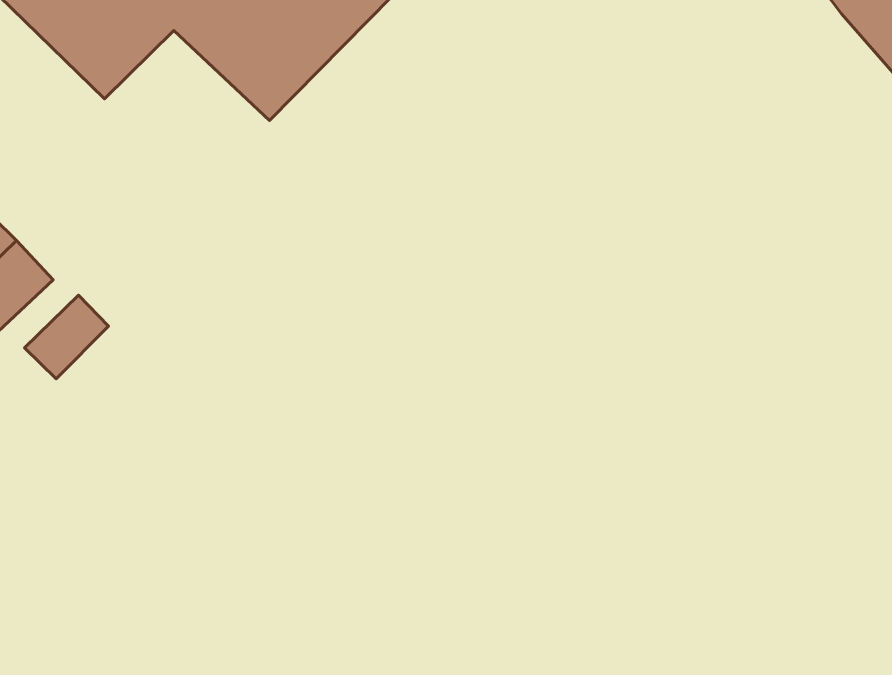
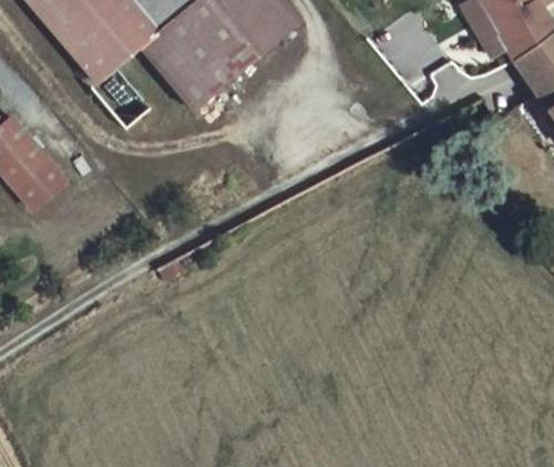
building: [24,295,109,379] -> none

